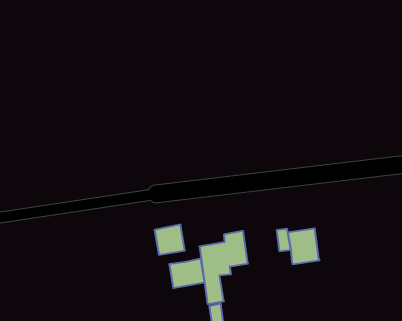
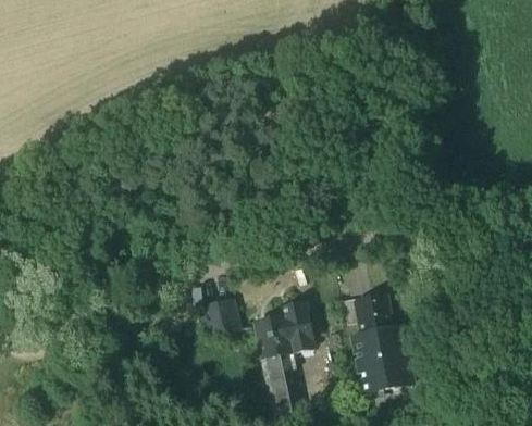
building: none -> [355,326,412,390]
building: [169,259,205,288] -> none

